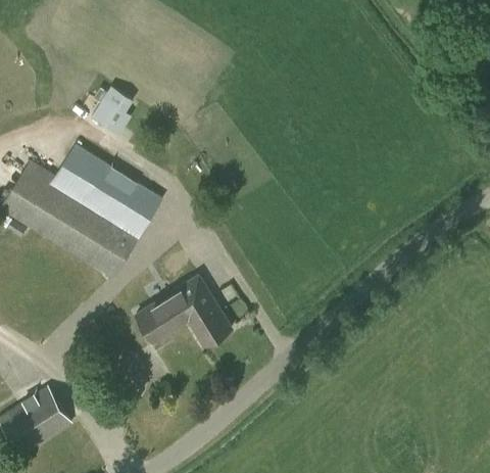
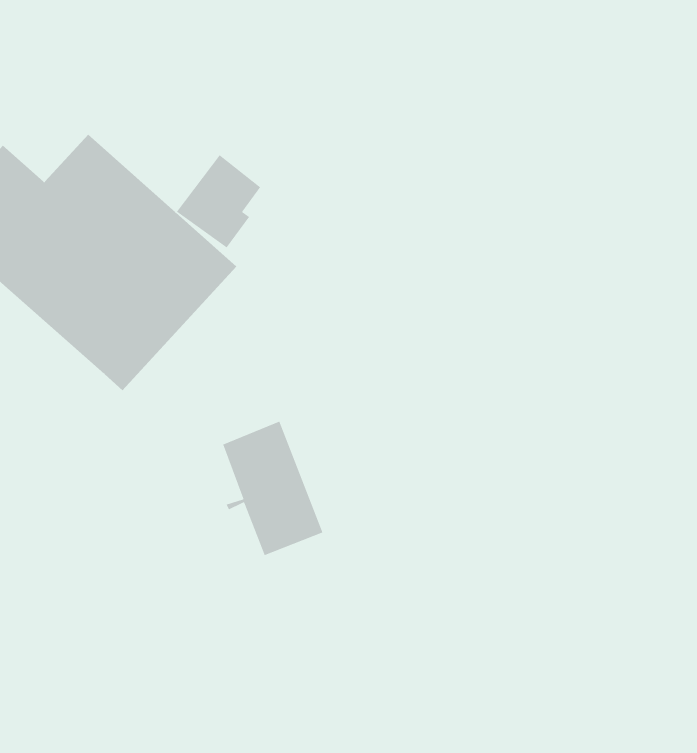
building: [93,85,135,133] -> [176,154,261,248]
building: [135,293,187,343] -> none

